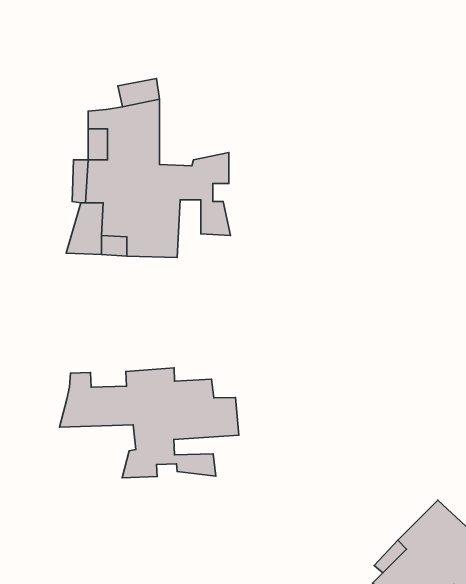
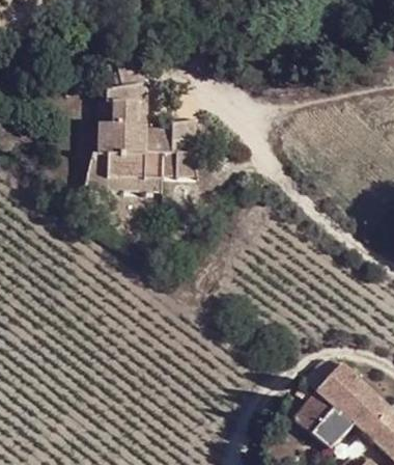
building: [60,368,239,478] -> none

